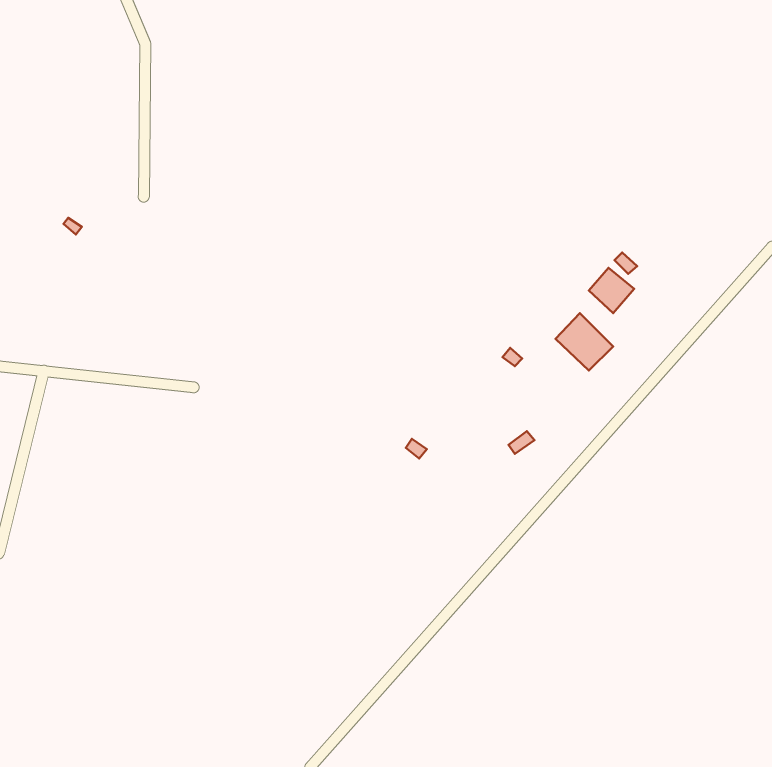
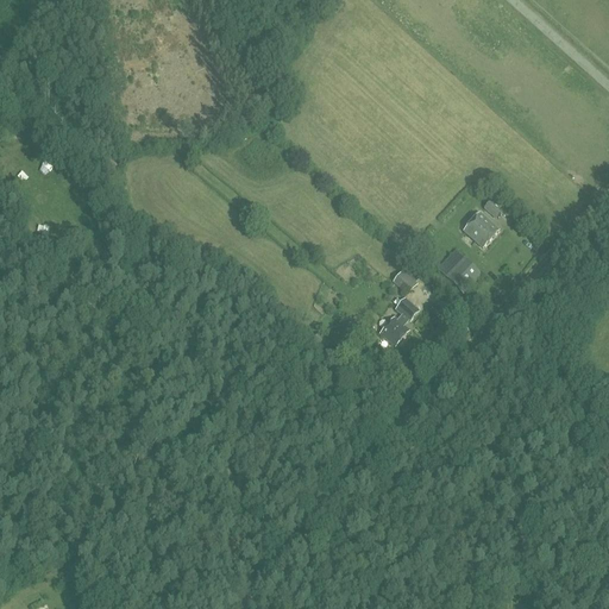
building: none -> [379,295,419,344]

